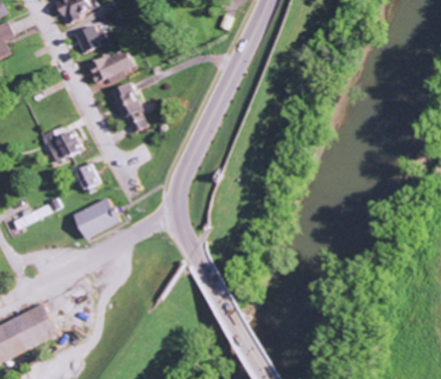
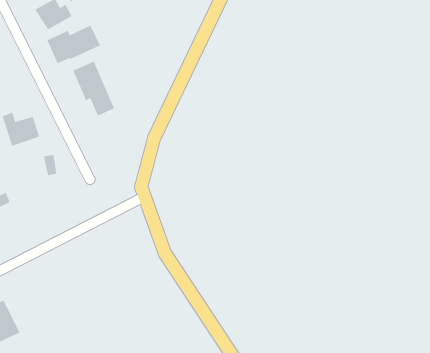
building: [75,198,124,237] -> none

